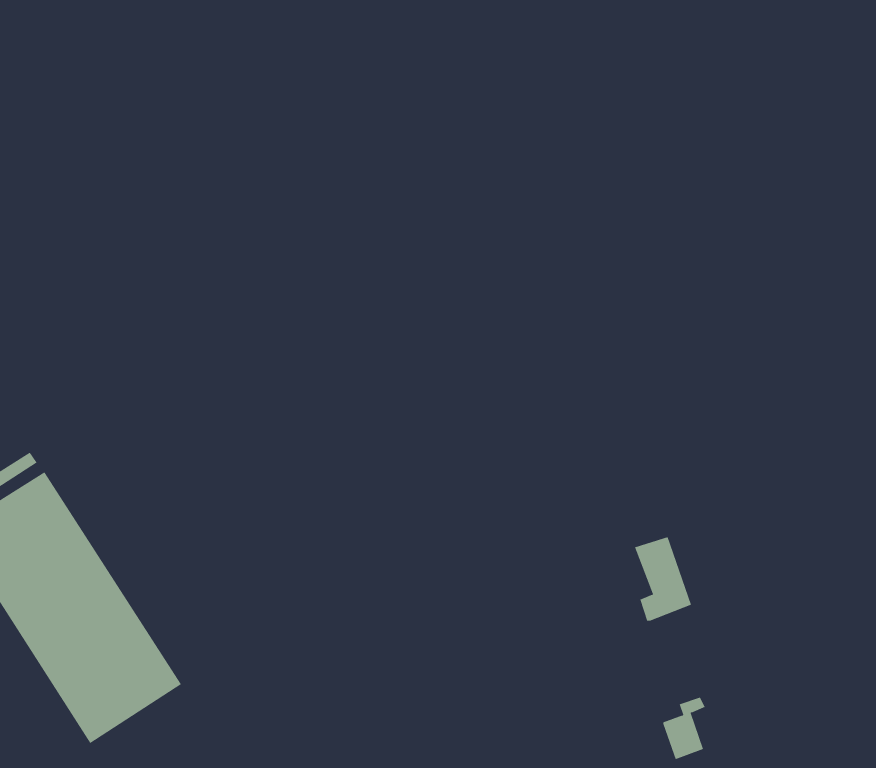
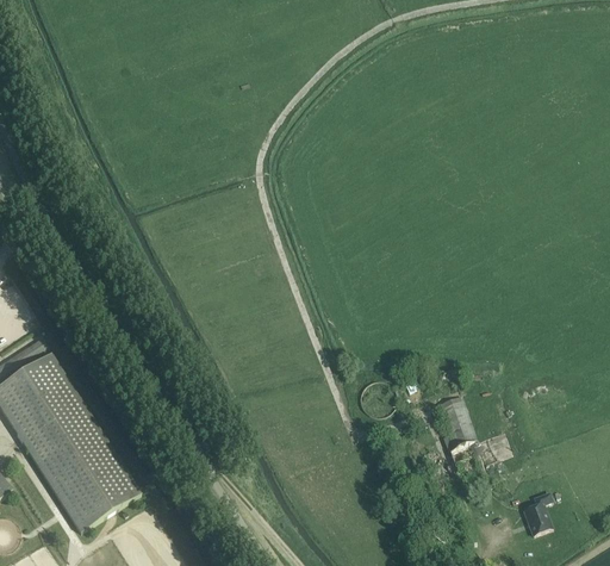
building: [663,697,706,760] -> [523,492,552,534]

